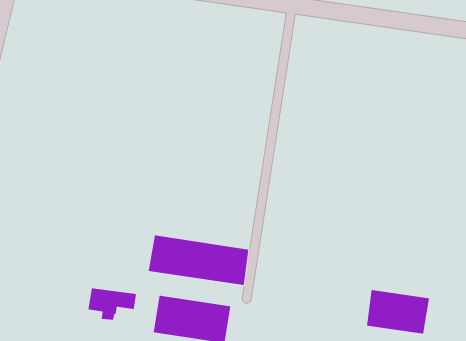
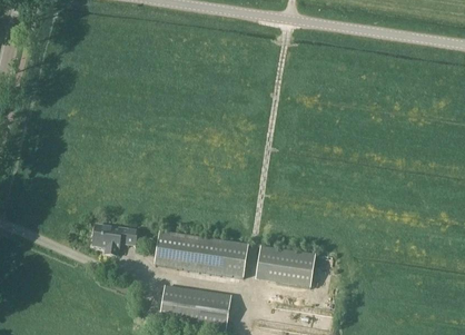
building: [87,288,137,320] -> [92,224,138,254]
building: [366,290,430,334] -> [256,246,315,287]

